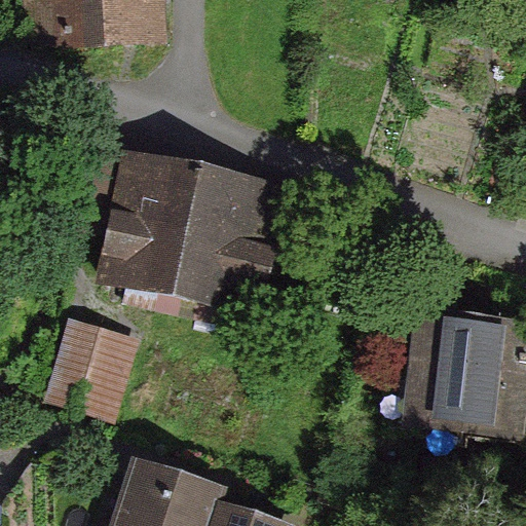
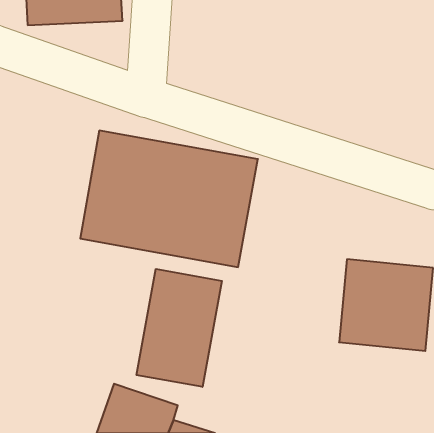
building: [43,318,134,418] -> none
building: none -> [137,269,222,387]

